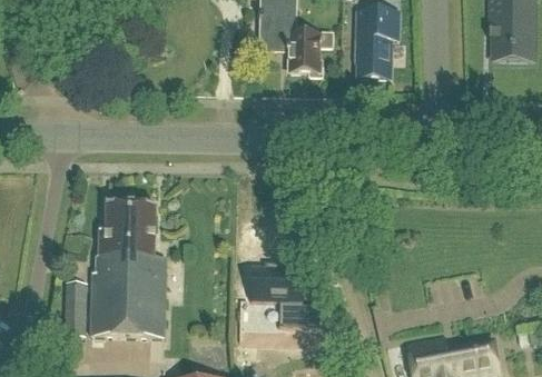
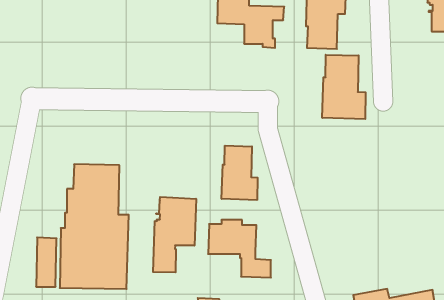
building: none -> [322,55,366,119]
building: none -> [222,146,258,200]
building: none -> [153,197,196,272]

